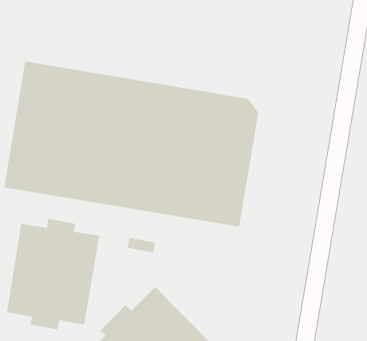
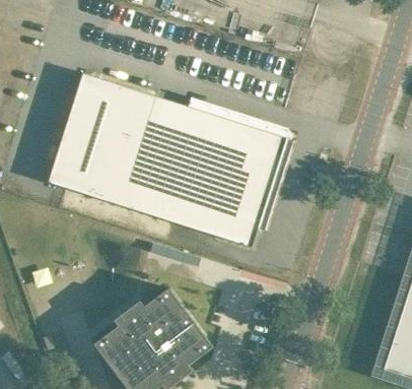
building: [7,218,100,330] -> none

